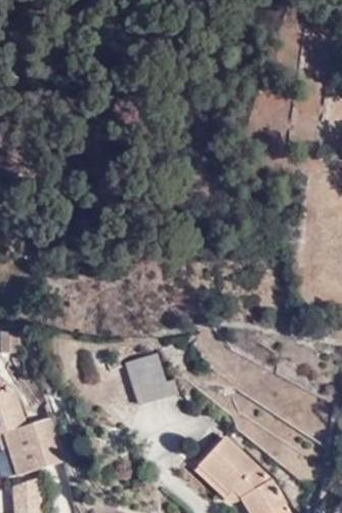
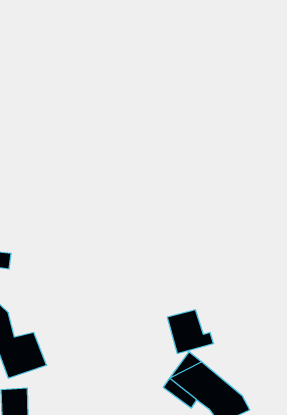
building: [123,360,175,409] -> [167,310,214,353]

